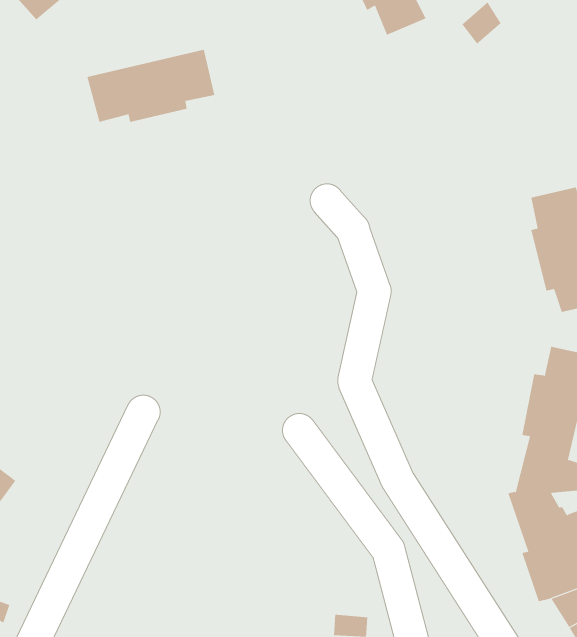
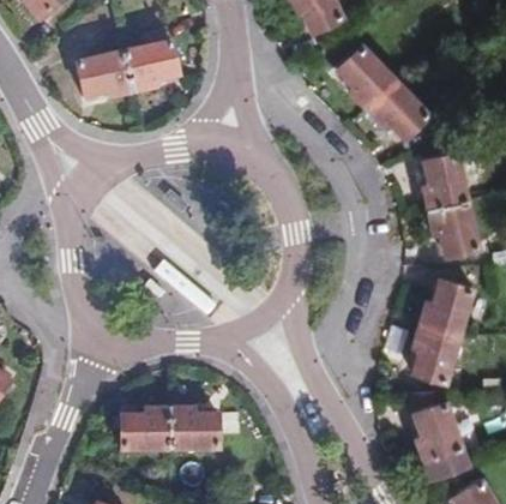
building: none -> [333,44,427,137]
building: none -> [125,406,221,450]

